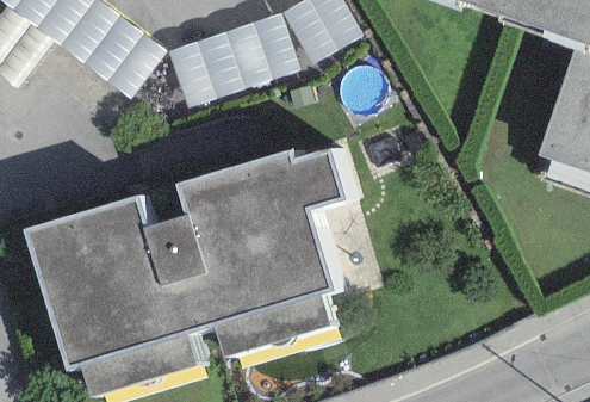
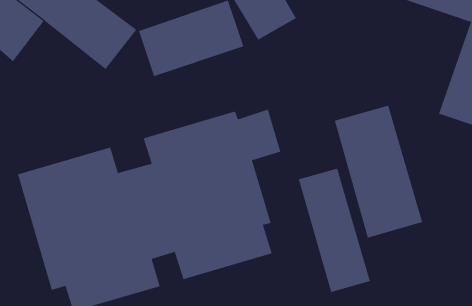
building: none -> [334,105,423,239]
building: none -> [298,168,370,293]

